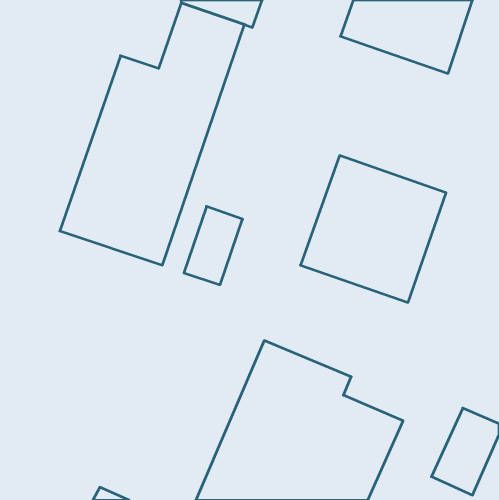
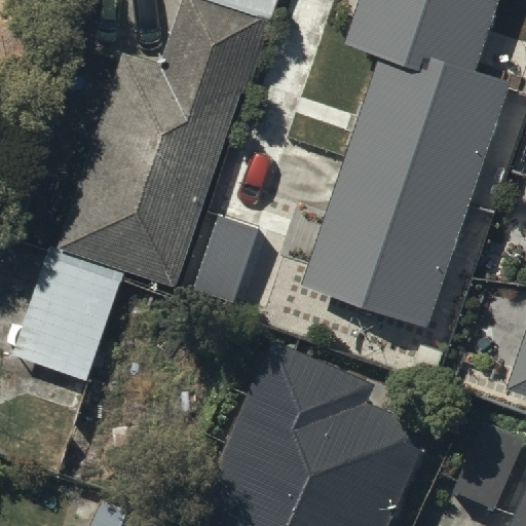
building: none -> [356,51,509,202]
building: none -> [16,253,122,378]

